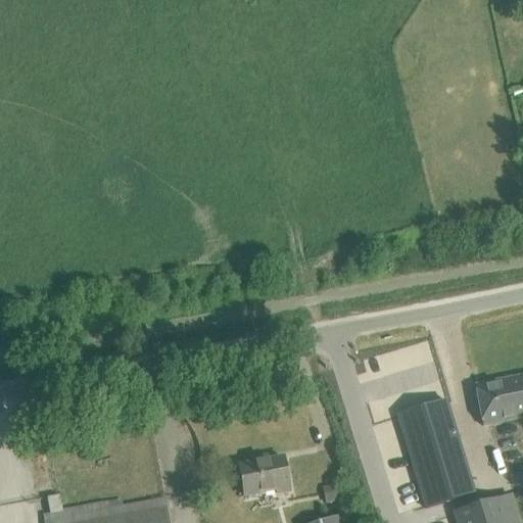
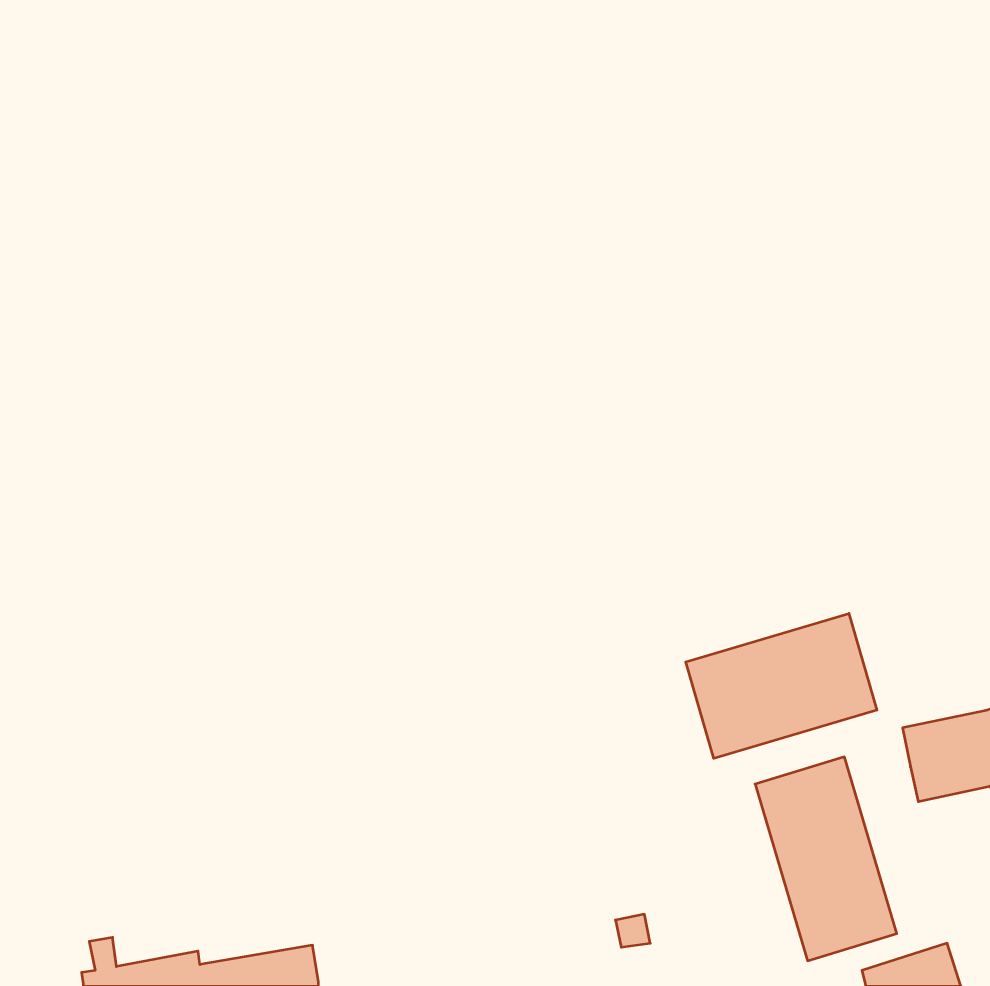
building: none -> [686,613,877,758]
building: [239,456,290,495] -> none

